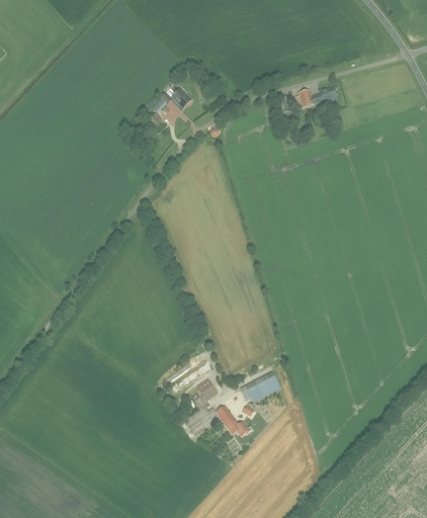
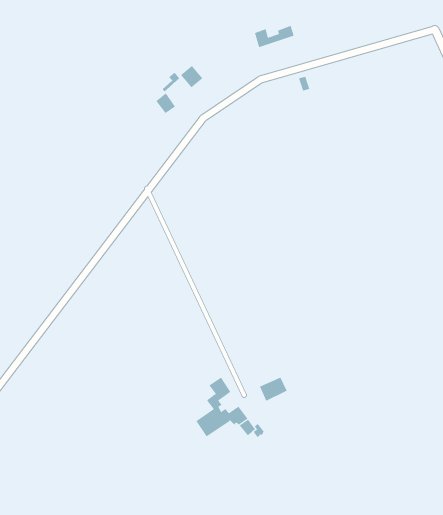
building: [300,86,337,107] -> [254,25,294,48]

